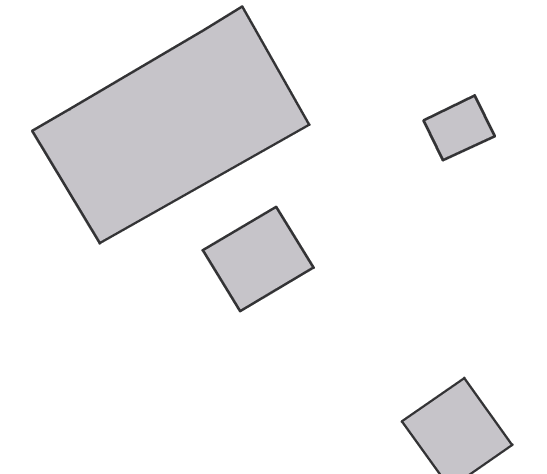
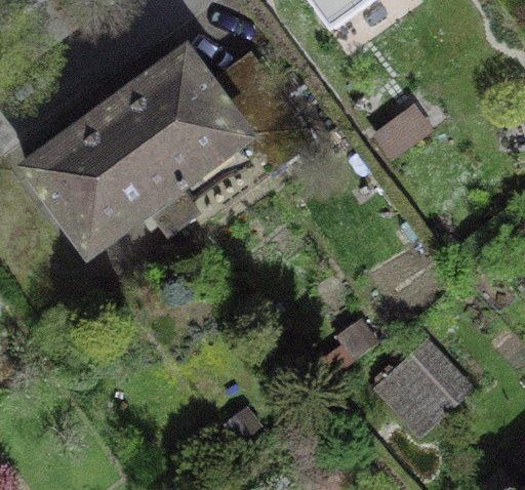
building: [203,207,314,311] -> none

